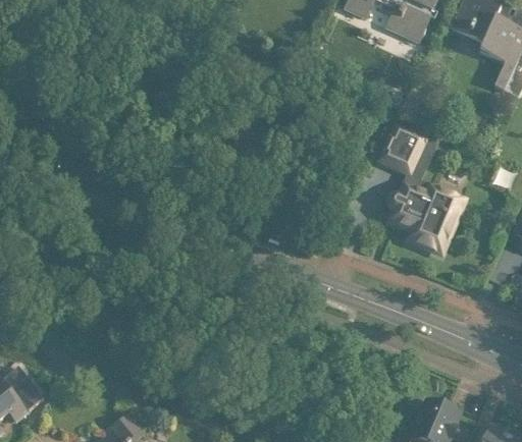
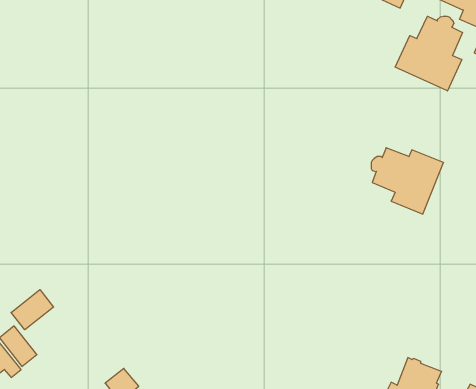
building: none -> [395,16,462,91]
building: [379,123,426,173] -> none
building: none -> [11,290,54,330]

